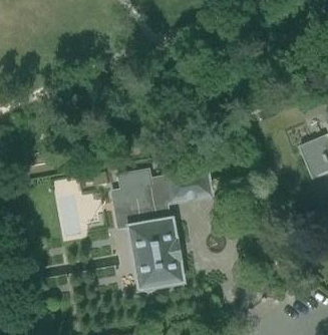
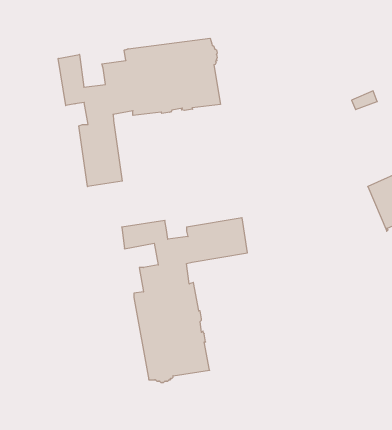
building: none -> [58,38,220,187]

